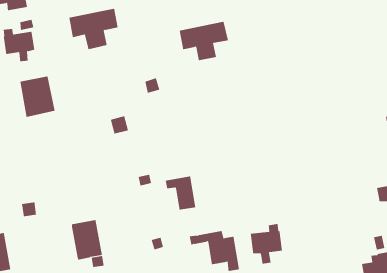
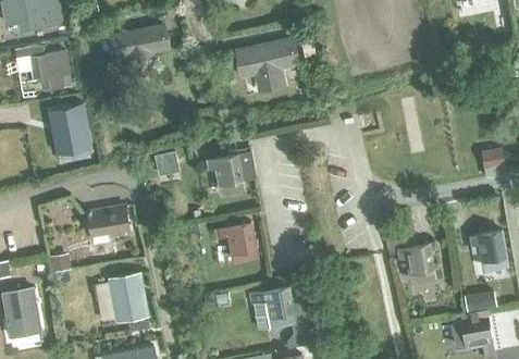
building: none -> [208,152,255,195]
building: none -> [86,207,127,238]
building: none -> [396,245,432,285]
building: [250,223,282,265] -> none

